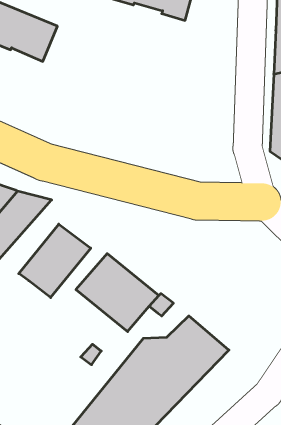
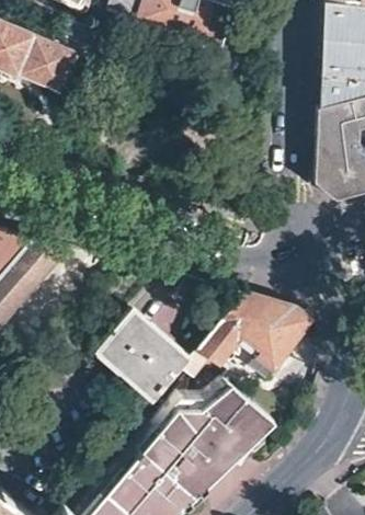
building: [19,224,91,298] -> none
building: none -> [197,296,312,370]

